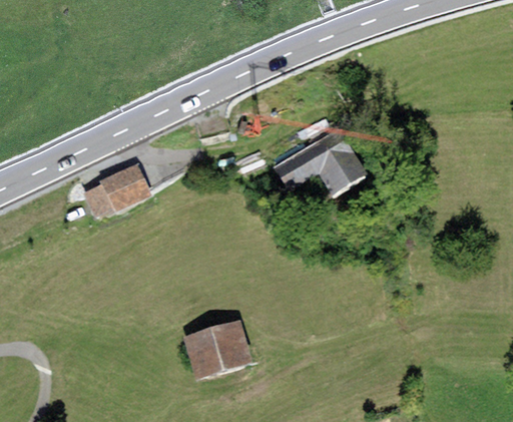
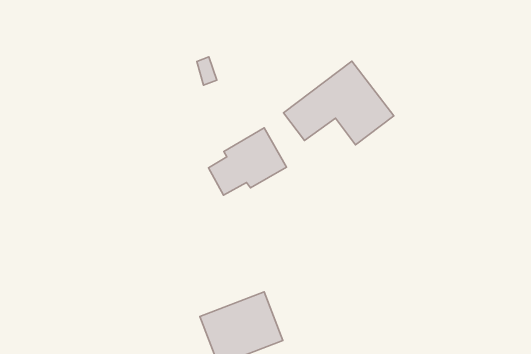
building: [83,162,151,218] -> [208,128,286,195]

